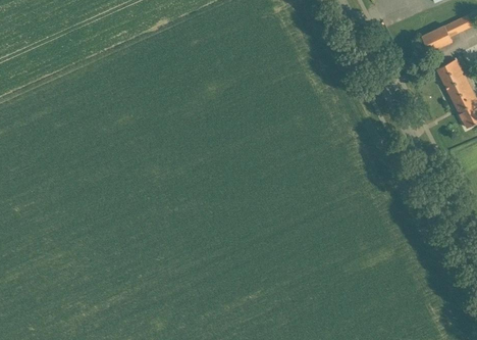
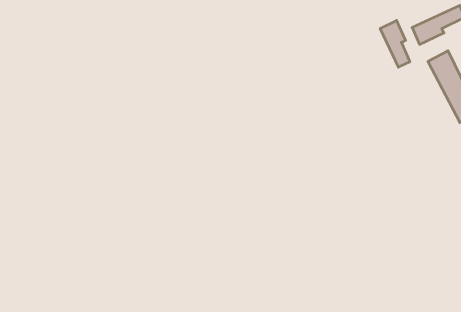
building: none -> [380,20,410,67]

